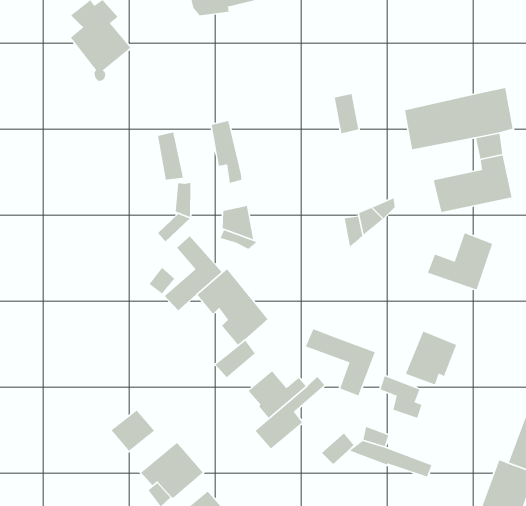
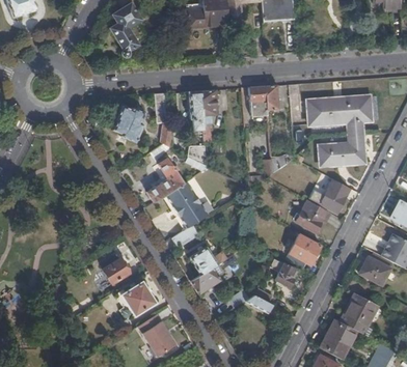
building: none -> [250,87,268,116]
building: none -> [200,91,217,125]
building: none -> [112,107,144,144]
building: none -> [296,201,330,233]
building: [305,328,376,396] -> none

